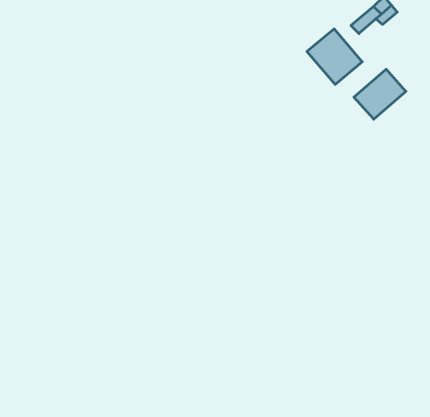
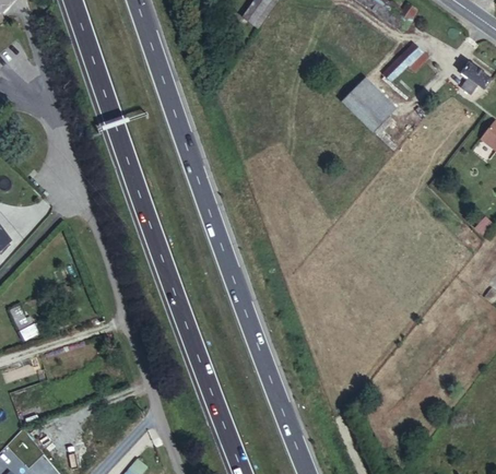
building: [354,69,406,119] -> none

